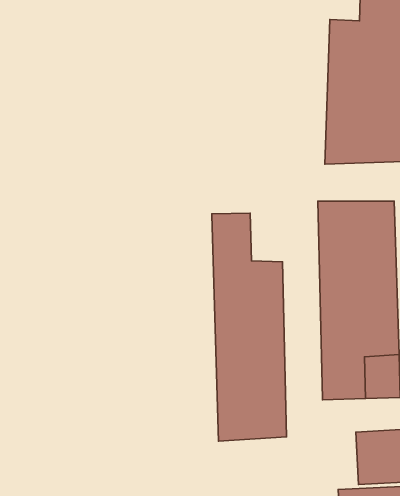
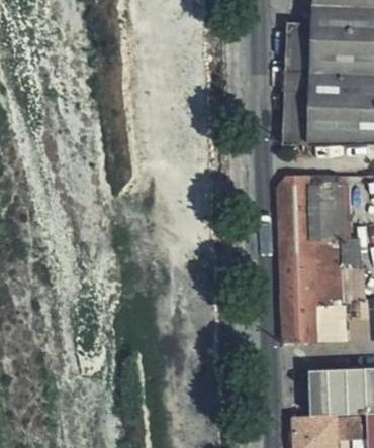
building: [212,213,286,441] -> none

